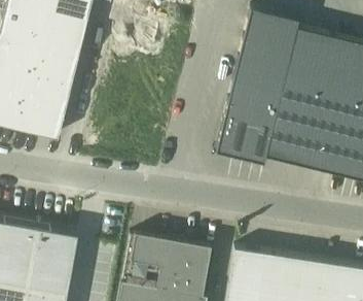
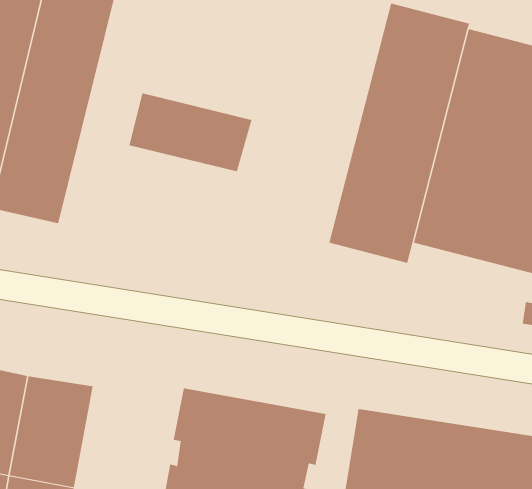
building: none -> [129,92,252,172]

